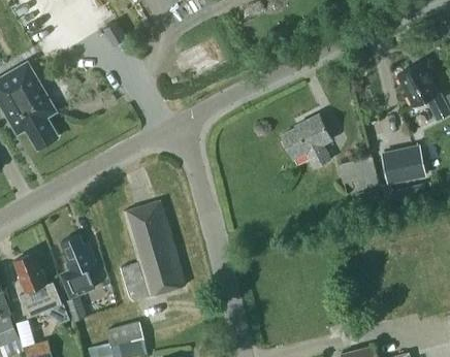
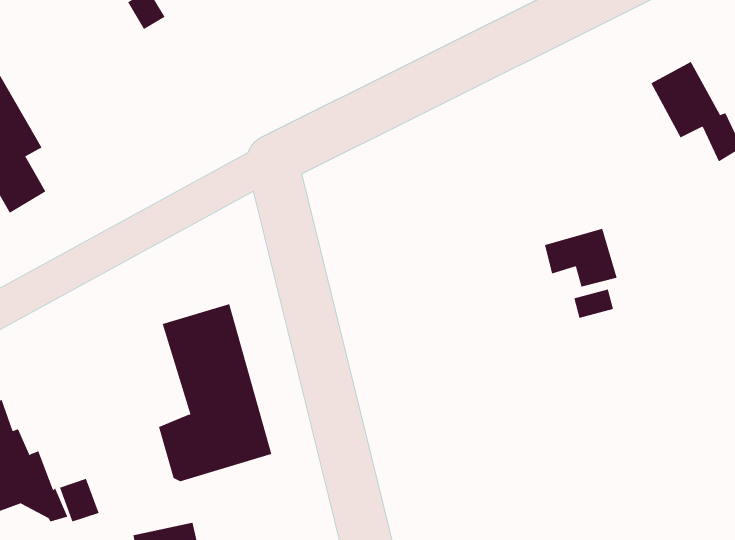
building: [282,117,331,169] -> none
building: [383,148,425,184] -> none
building: [61,235,97,298] -> none

